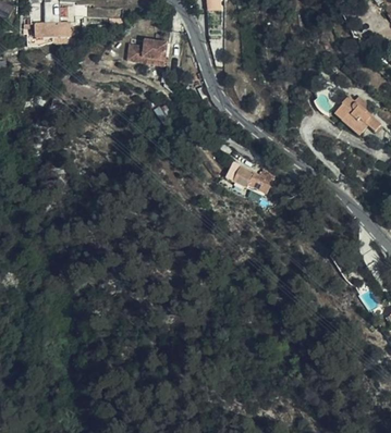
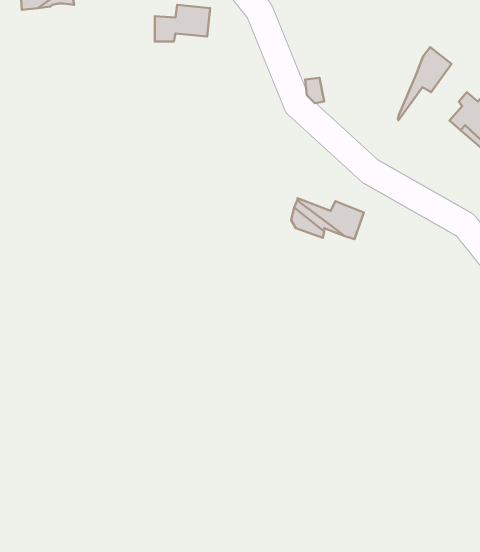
building: none -> [398,47,452,120]

